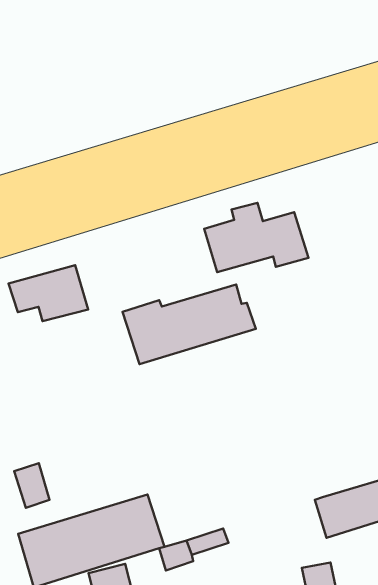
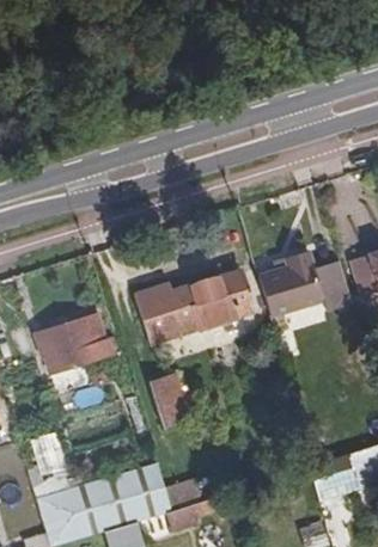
building: [204,203,309,272] -> [258,253,354,316]
building: [9,265,88,321] -> [38,318,111,369]
building: none -> [151,370,189,426]

